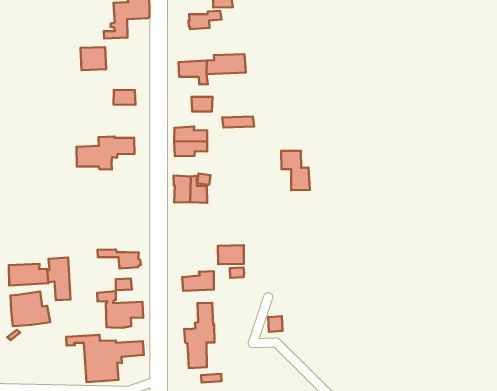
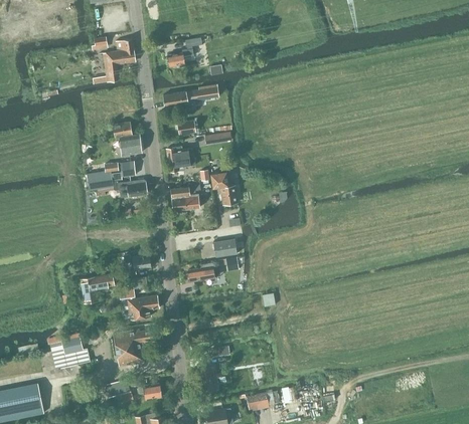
building: [81,47,106,70] -> [118,135,141,156]
building: [281,151,310,190] -> [209,172,237,205]
building: none -> [117,180,147,198]
building: [9,264,48,285] -> none
building: [10,292,50,326] -> [54,338,90,369]
building: [184,303,214,368] -> none

